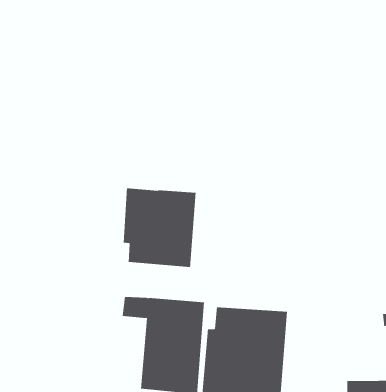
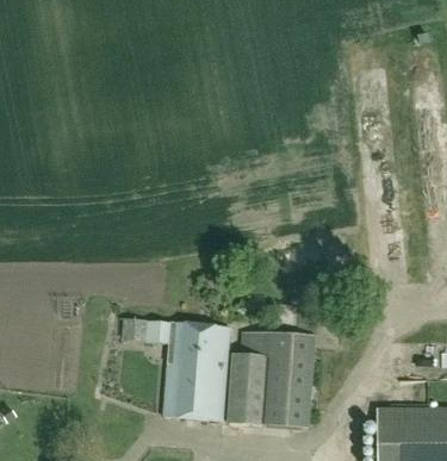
building: [123,188,196,268] -> none

